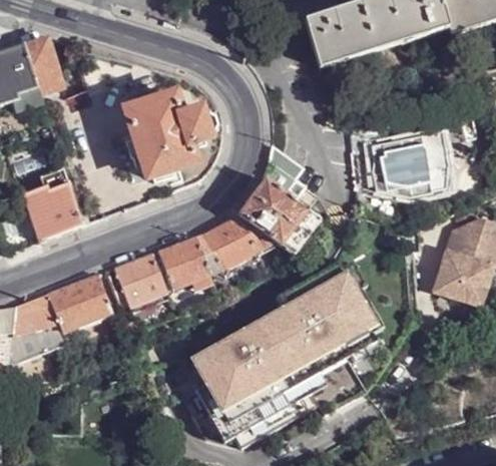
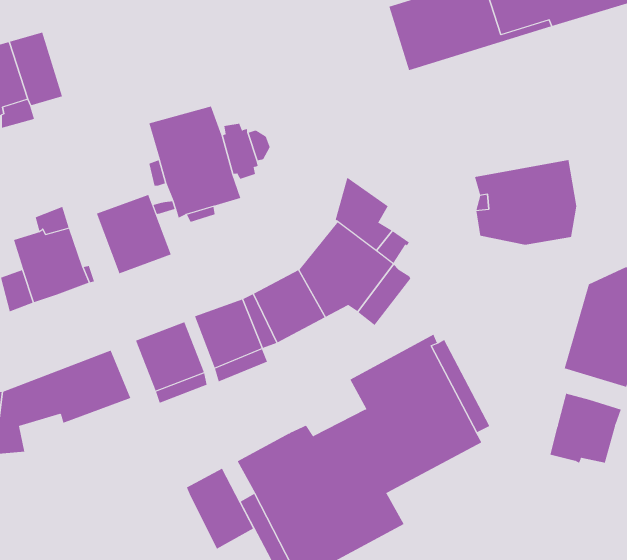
building: none -> [96,194,171,274]
building: none -> [550,393,621,464]
building: none -> [186,468,254,549]

